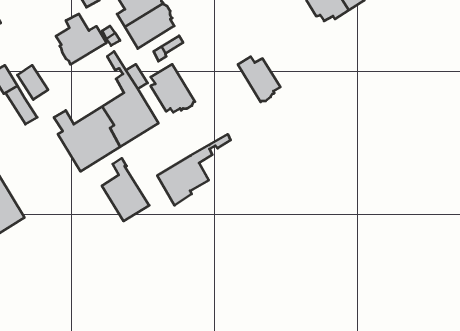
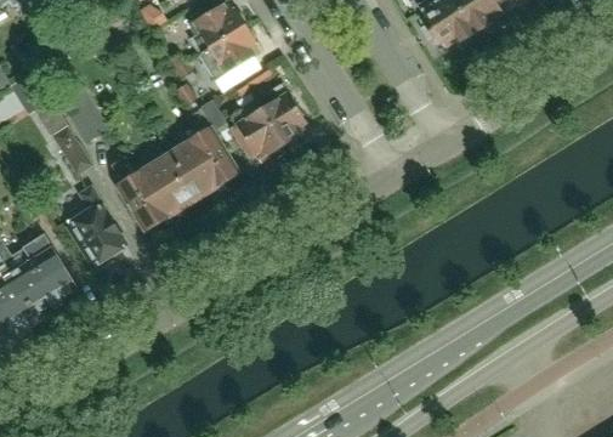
building: [56,14,106,64] -> none
building: [238,57,280,102] -> [257,90,310,146]
building: [157,134,231,205] -> none
building: [102,158,149,221] -> [67,186,125,263]

